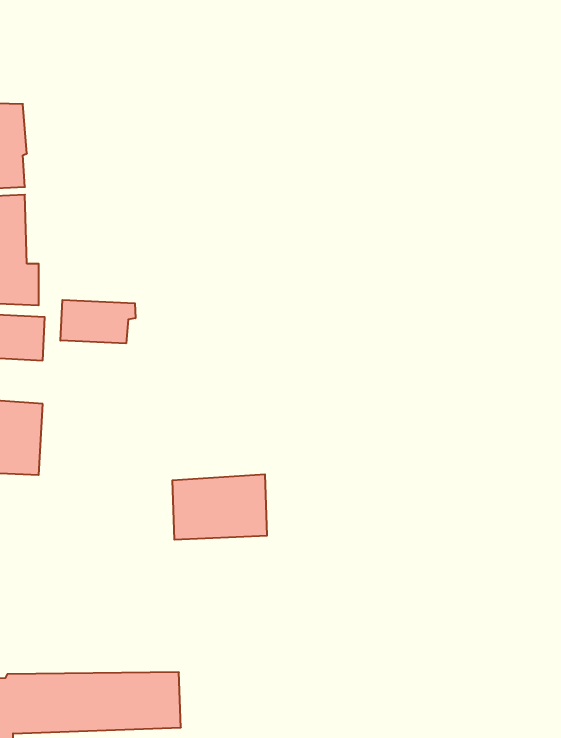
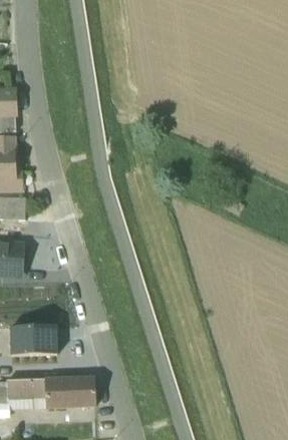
building: [60,300,135,343] -> none
building: [172,474,267,540] -> [10,325,58,358]

